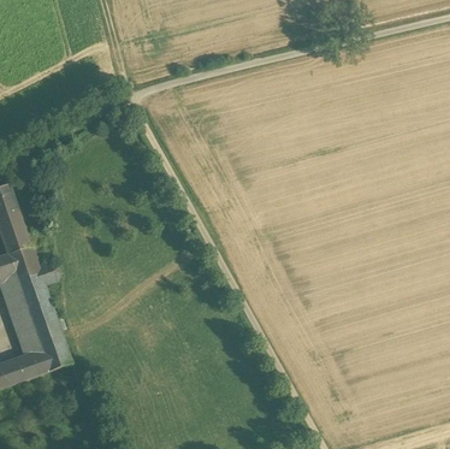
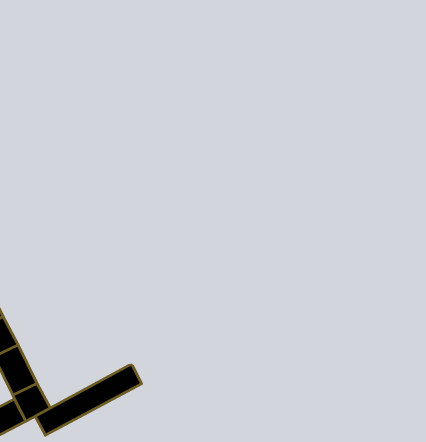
building: none -> [35,365,142,435]

